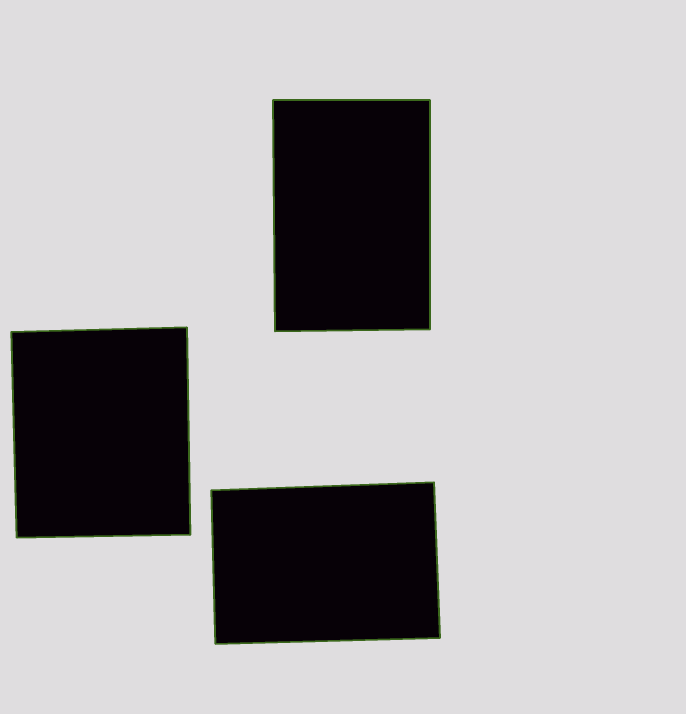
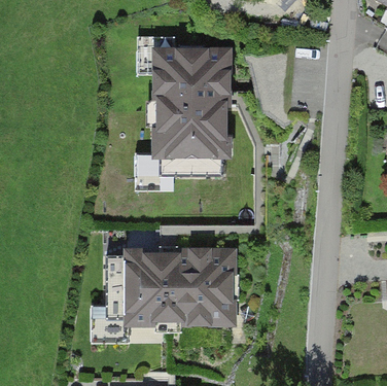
building: [11,327,190,538] -> none

